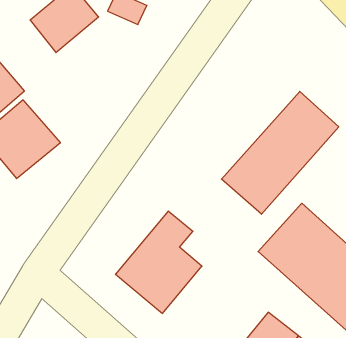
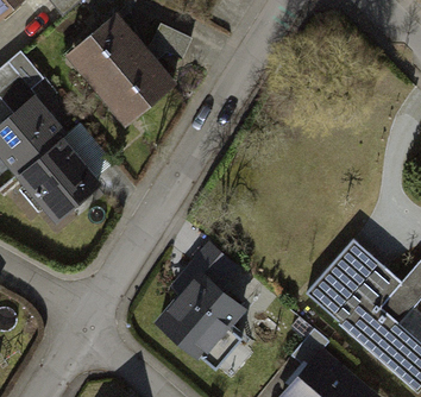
building: none -> [95,49,171,124]
building: [221,91,339,214] -> none

